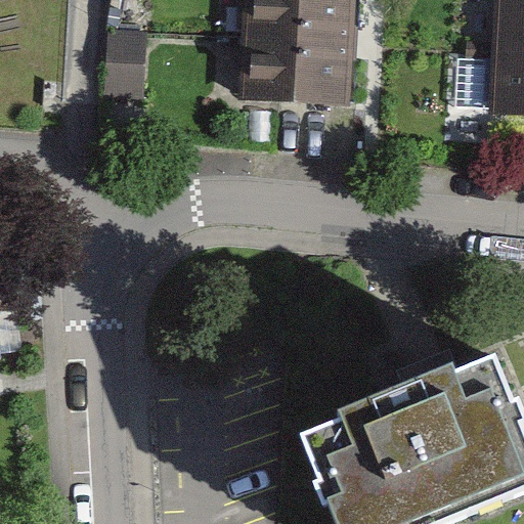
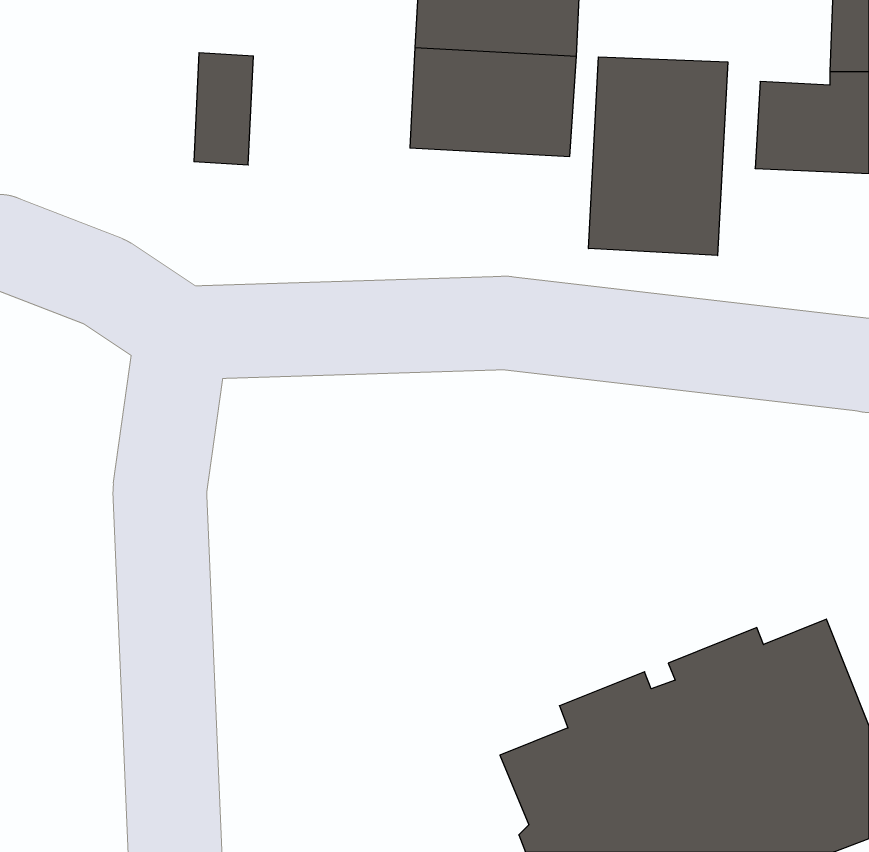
building: none -> [589,57,728,256]

